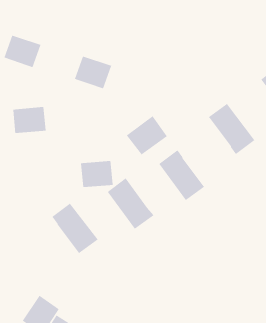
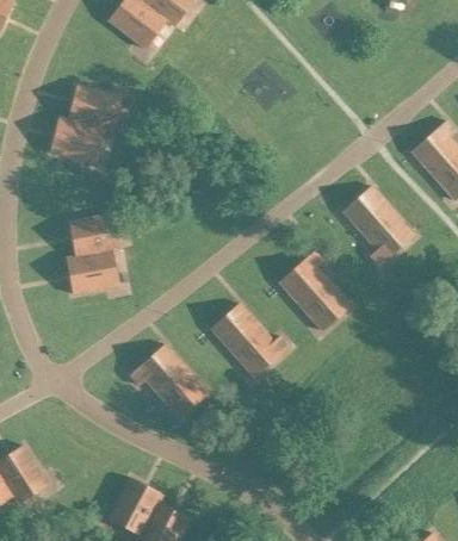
building: [67,55,114,90] -> [58,86,123,131]
building: [125,114,175,156] -> none
building: [79,159,119,189] -> [66,249,122,294]

